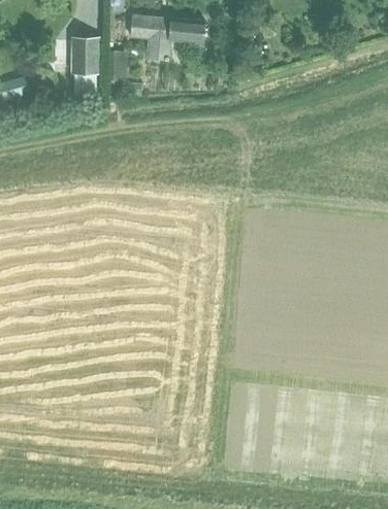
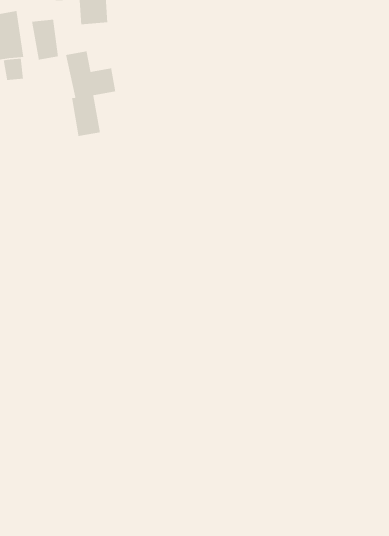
building: none -> [65,50,116,137]

